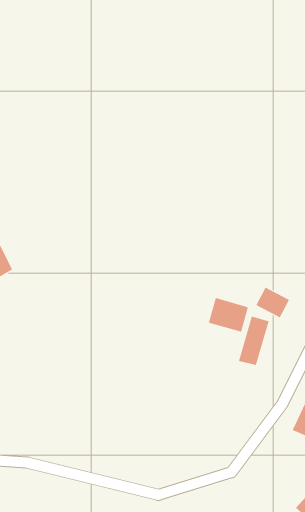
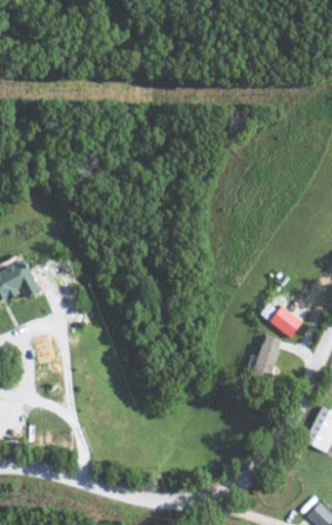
building: [208,297,249,333] -> none

